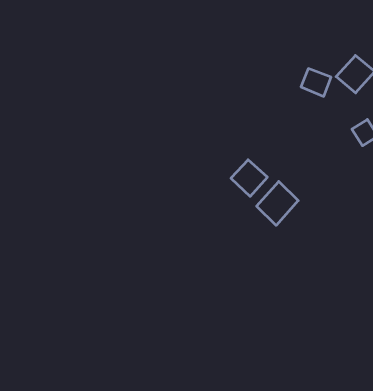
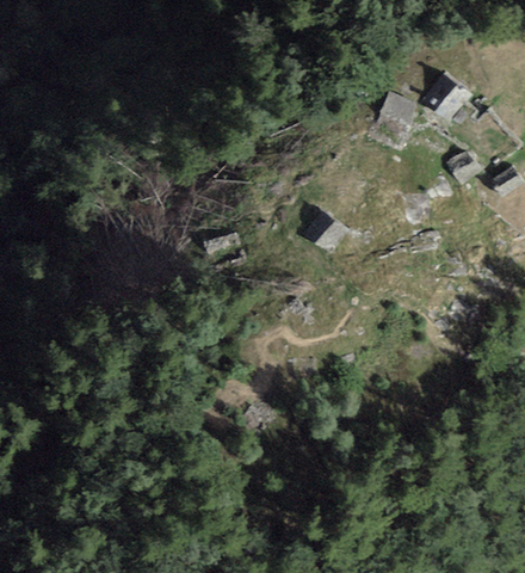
building: [257,181,298,225] -> none

